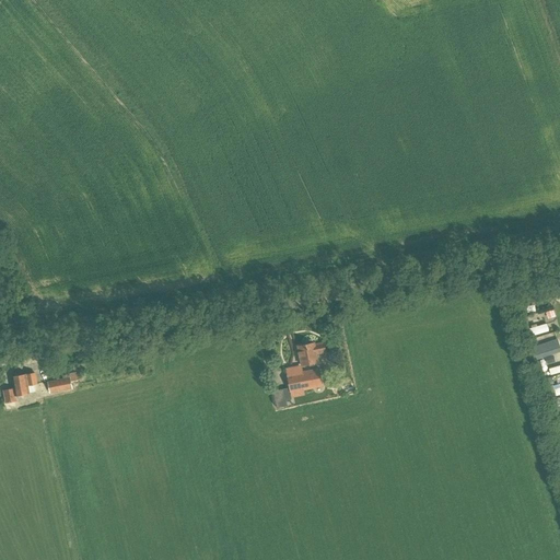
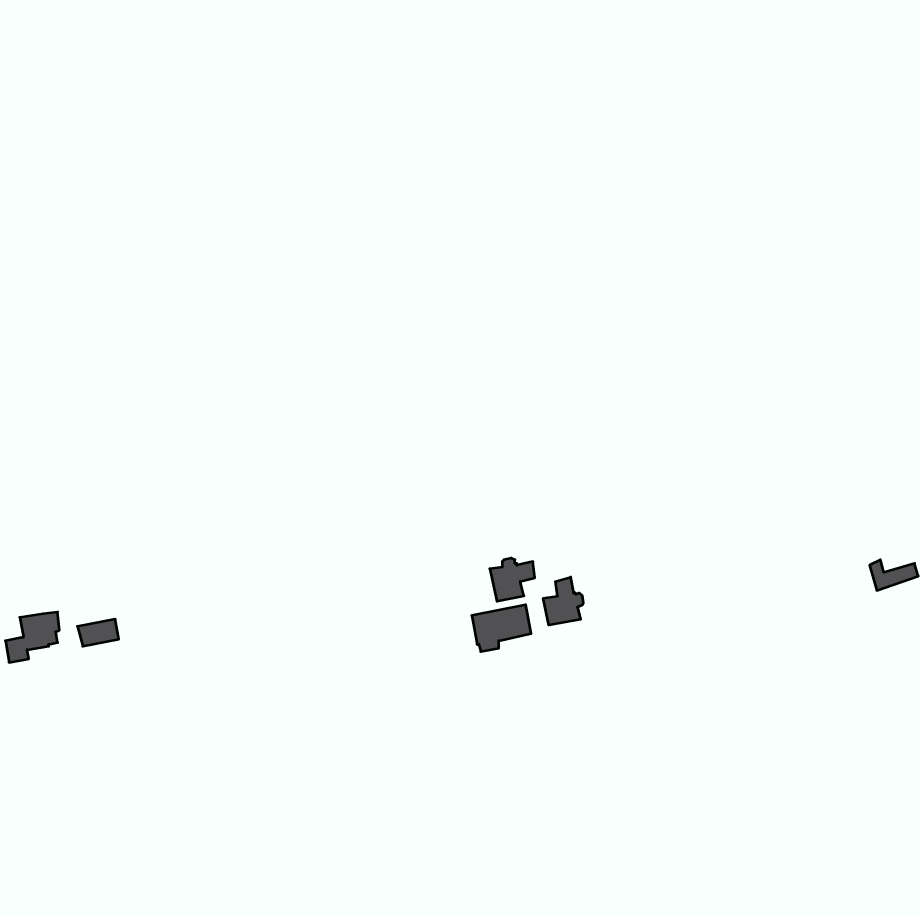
building: none -> [543,577,583,625]

